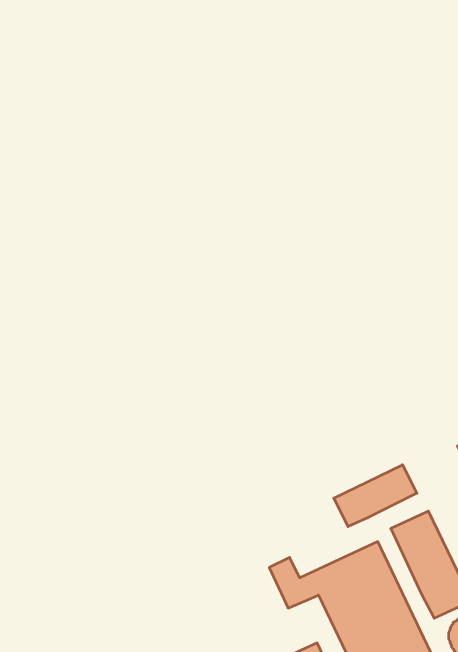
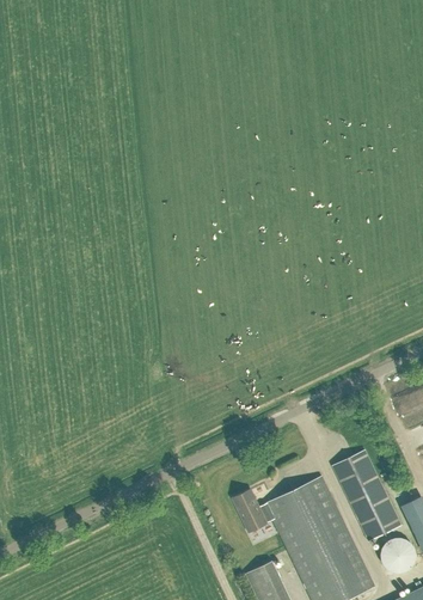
building: [334,465,417,527] -> none

